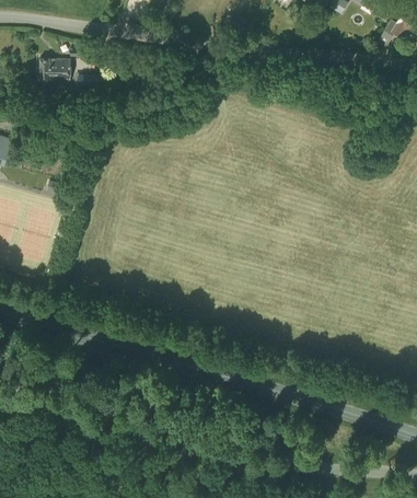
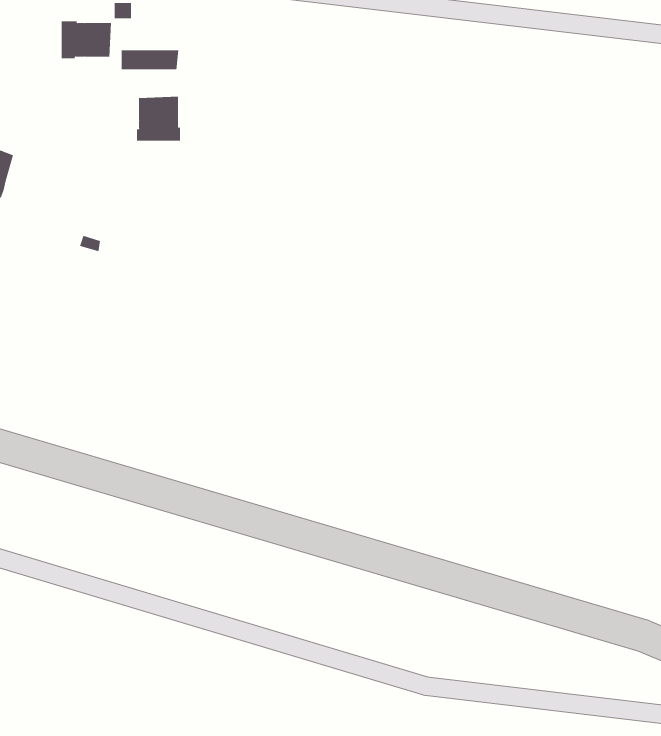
building: none -> [137,96,181,142]

